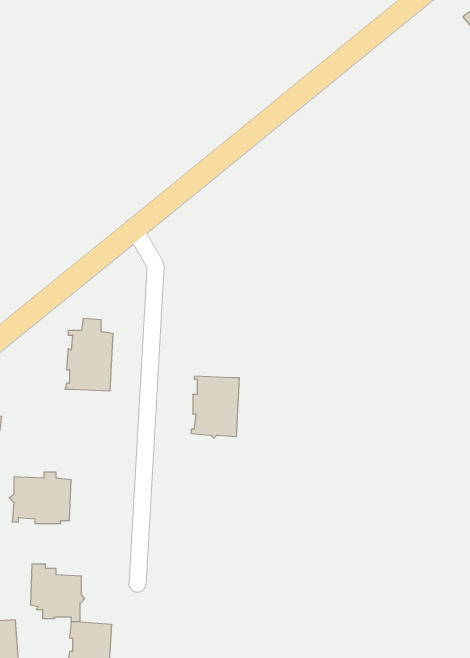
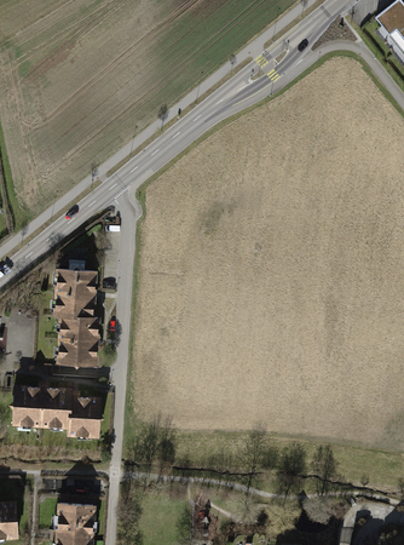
building: [191,376,239,438] -> [58,317,97,367]
building: [30,564,85,621] -> [58,390,102,436]

